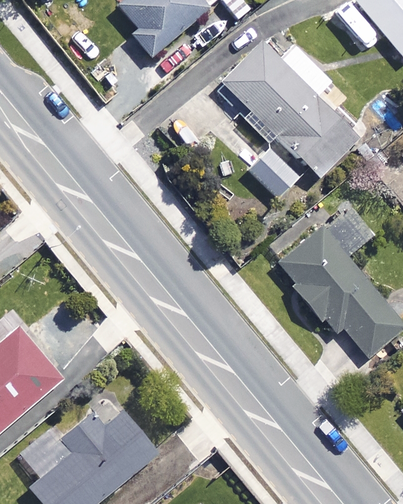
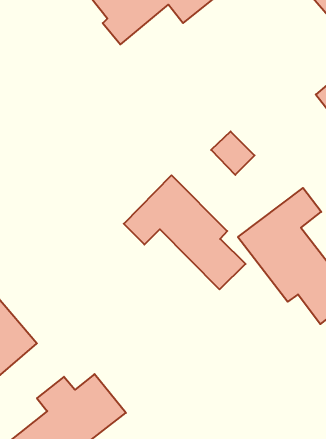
building: [220,45,355,177] -> none
building: none -> [124,175,246,289]

